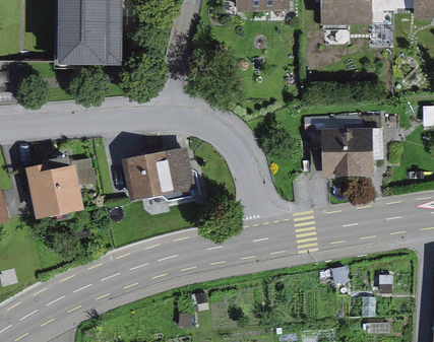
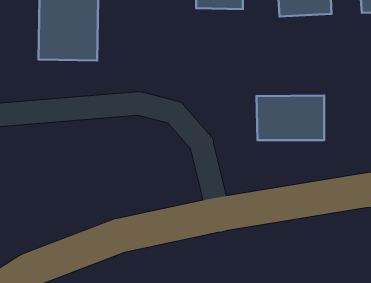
building: [123,145,199,206] -> none
building: [25,164,87,220] -> none

